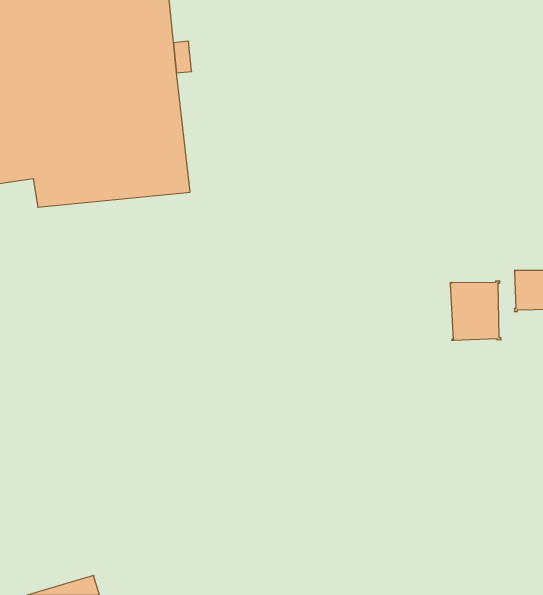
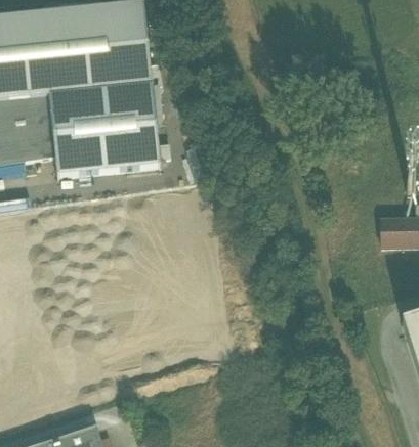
building: [451,281,501,340] -> none

